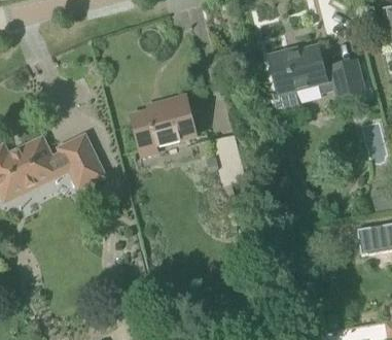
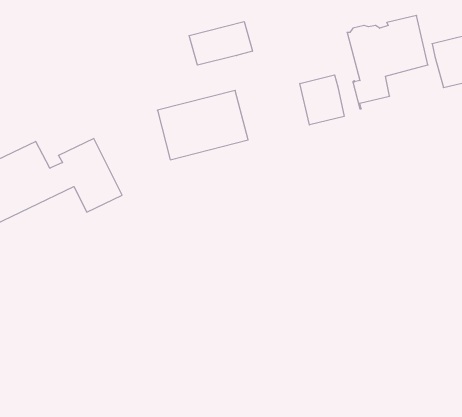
building: none -> [189,22,252,65]
building: none -> [300,75,344,125]

